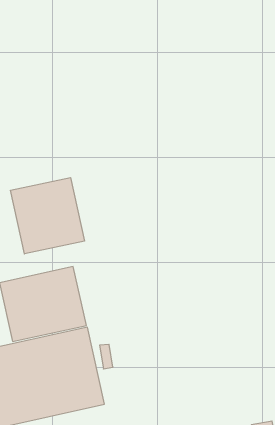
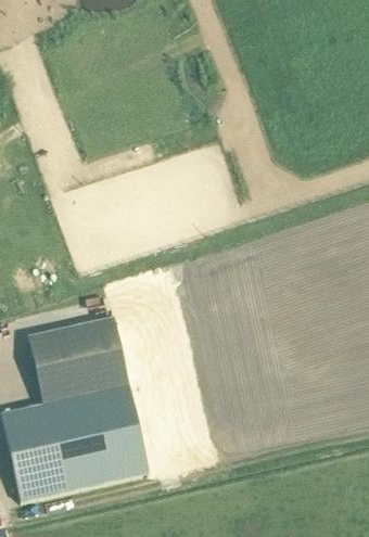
building: [11,178,84,254] -> none

